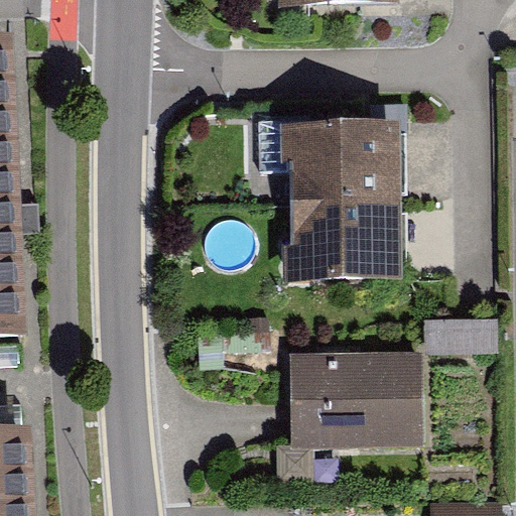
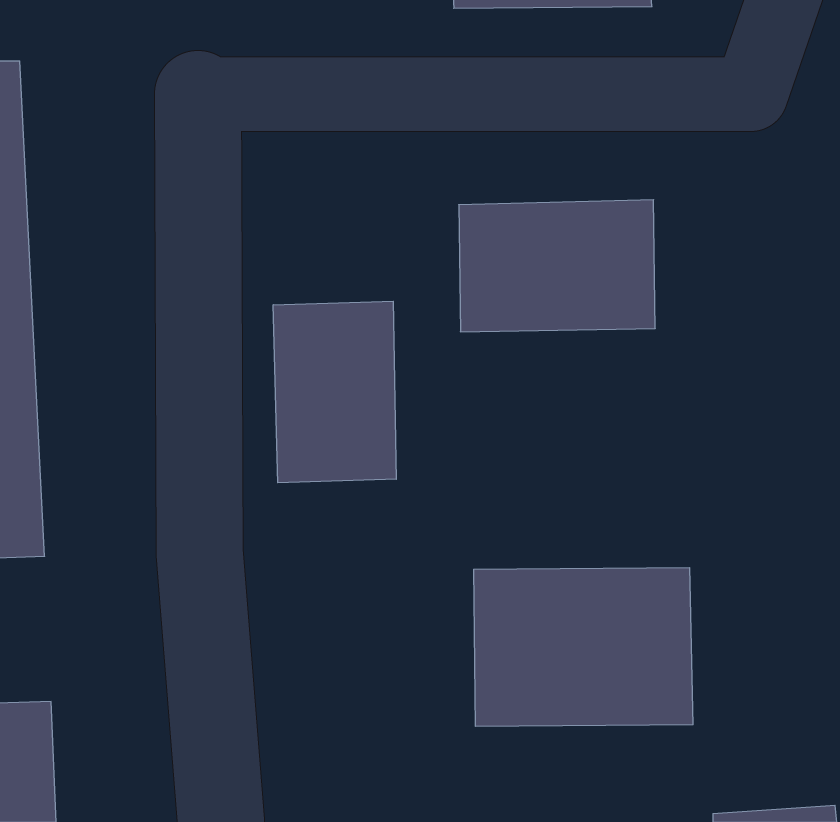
building: none -> [273,301,396,483]
building: [281,201,402,281] -> none

